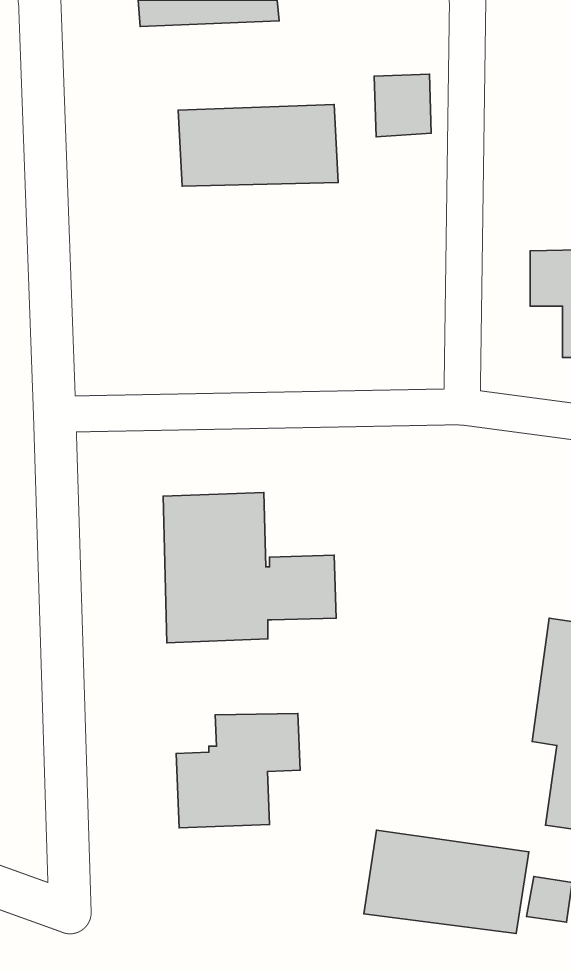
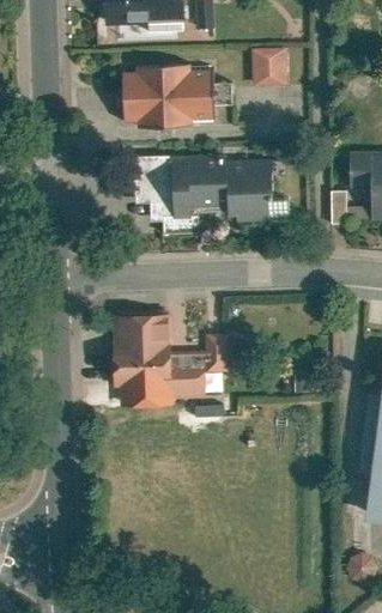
building: none -> [168,151,281,221]
building: [176,714,300,828] -> none
building: [364,830,529,934] -> none

